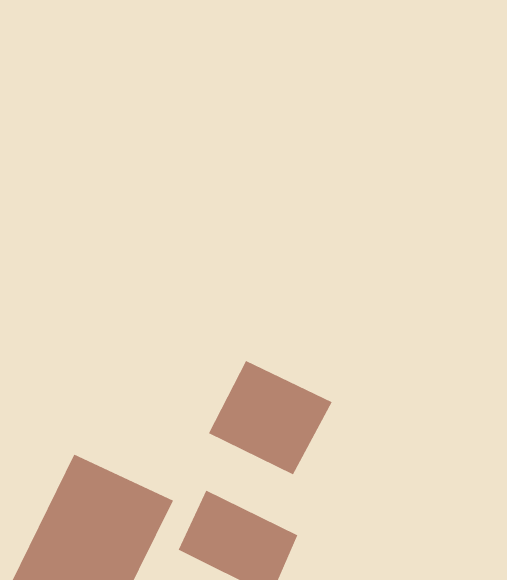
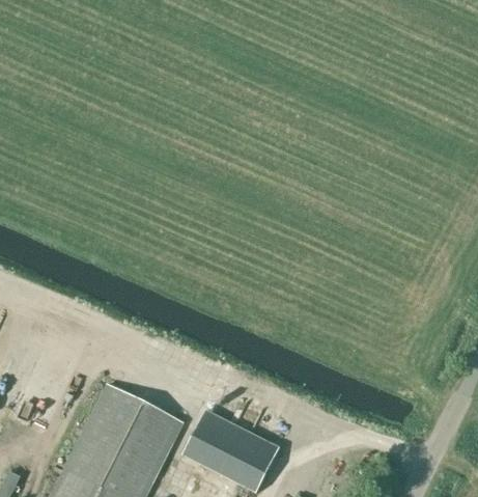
building: [208,360,333,475] -> none

